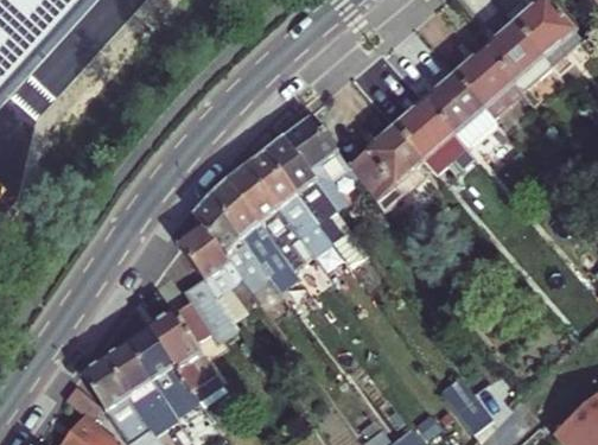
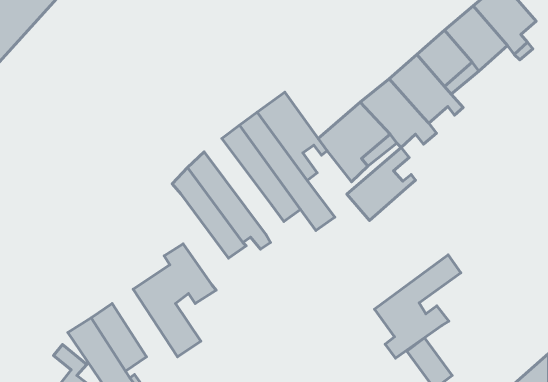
building: [225,164,304,267] -> none
building: none -> [347,147,416,220]
building: [177,223,259,320] -> none
building: none -> [375,255,461,358]
building: [127,325,198,415] -> none

